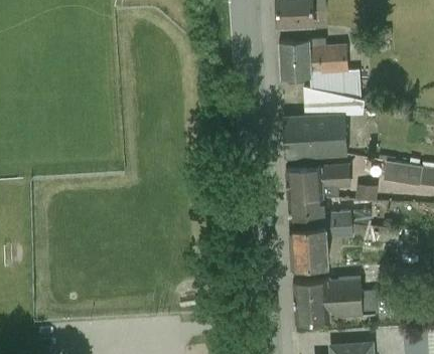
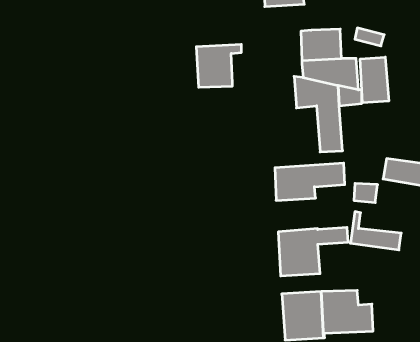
building: [279,40,319,78] -> [196,44,241,87]
building: none -> [360,57,389,103]
building: [283,115,327,159] -> none
building: [288,197,351,227] -> none

